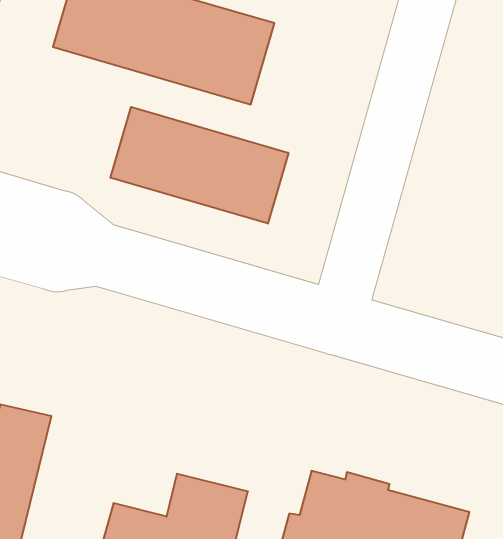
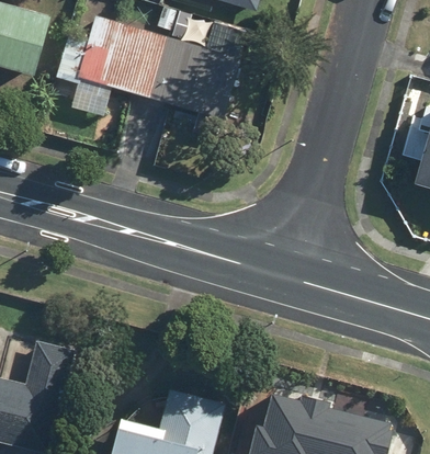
building: [110,107,288,224] -> none

